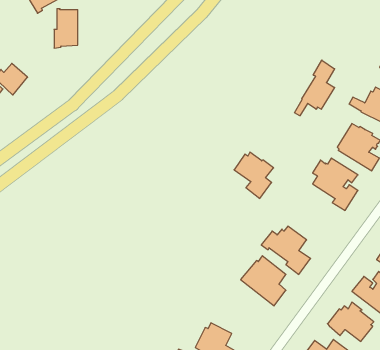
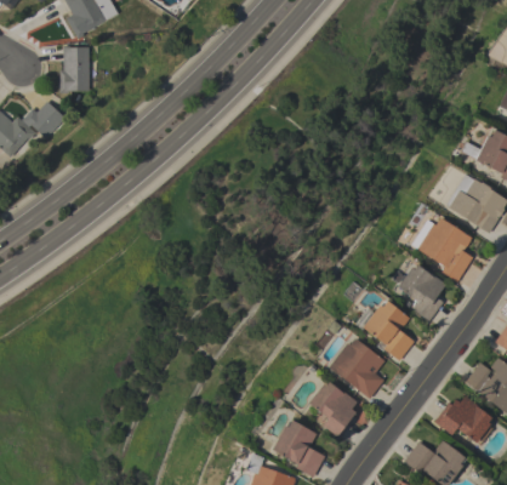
building: [54,9,78,48] -> [61,45,90,93]
building: [295,60,335,116] -> none
building: [234,152,274,198] -> [398,264,446,321]
building: none -> [309,382,358,436]

